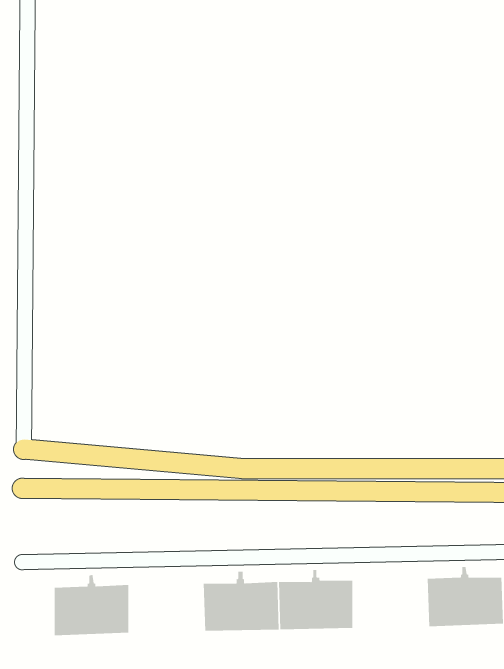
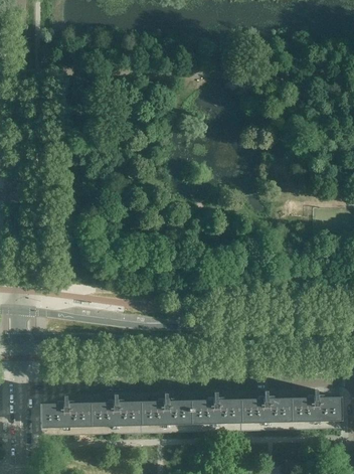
building: none -> [241,388,292,429]
building: none -> [92,391,142,432]

